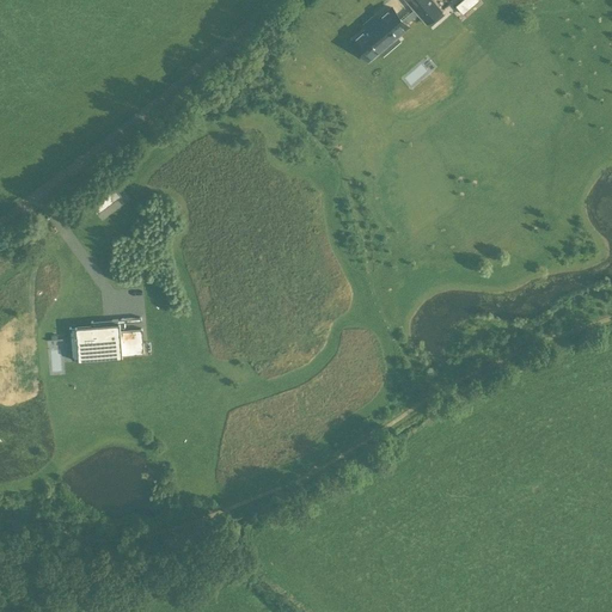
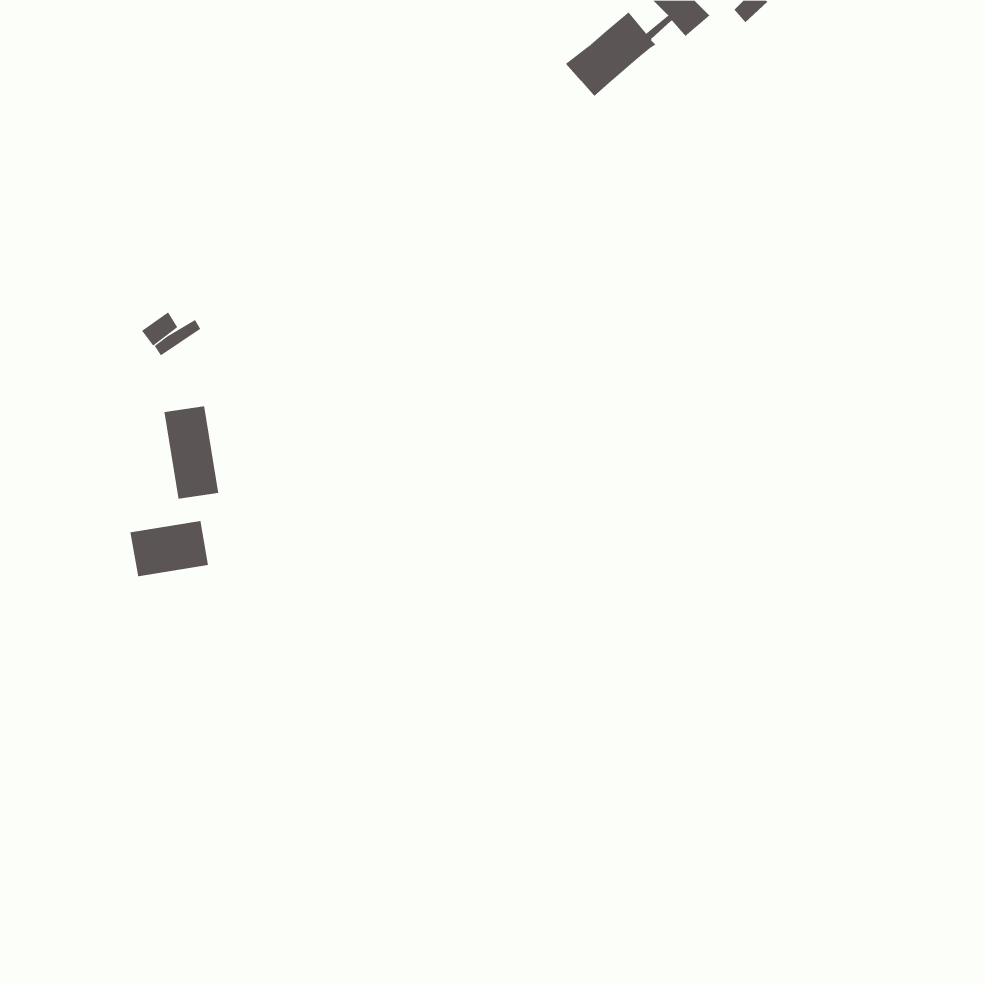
building: none -> [164,405,219,500]

